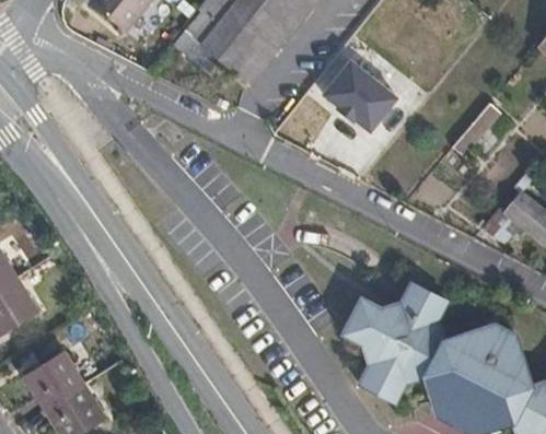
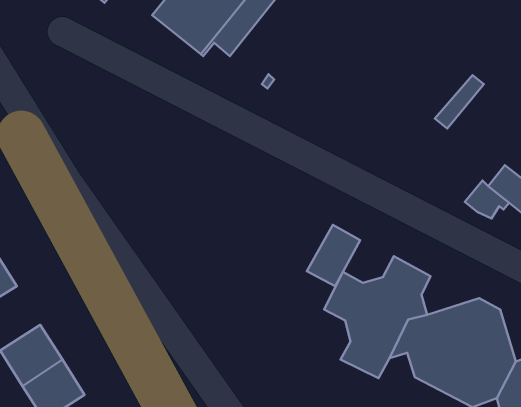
building: [323,61,398,133] -> none
building: none -> [307,225,360,286]

